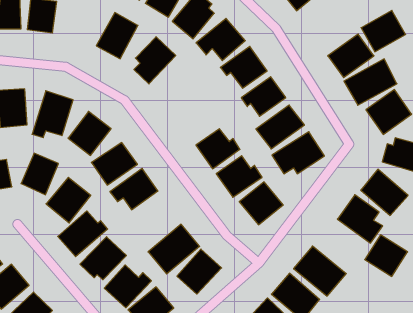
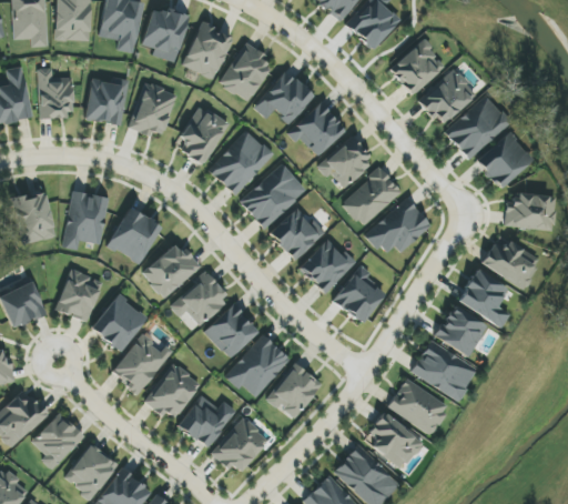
building: none -> [84,75,129,124]
building: [361,10,406,52] -> [388,39,445,93]
building: none -> [210,130,273,194]
building: none -> [239,162,305,226]
building: none -> [203,303,257,357]
building: [365,235,408,276] -> [435,305,487,355]

